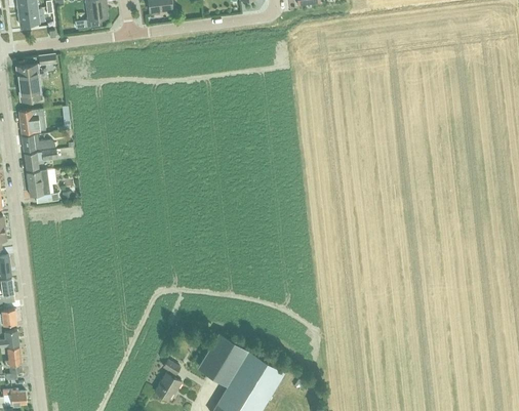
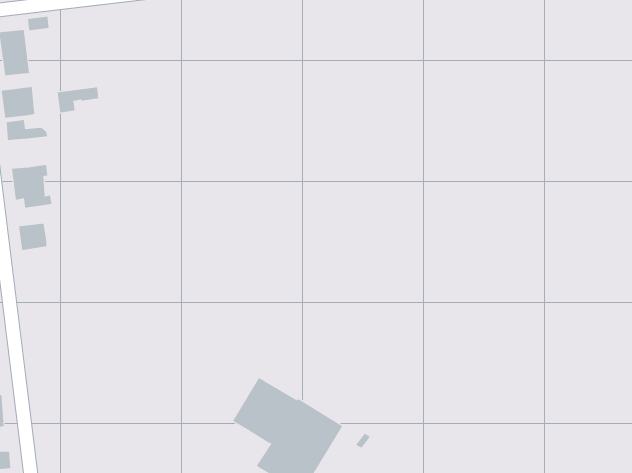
building: [24,151,56,171] -> [57,87,99,113]
building: none -> [18,223,47,251]
building: [154,360,181,401] -> none

